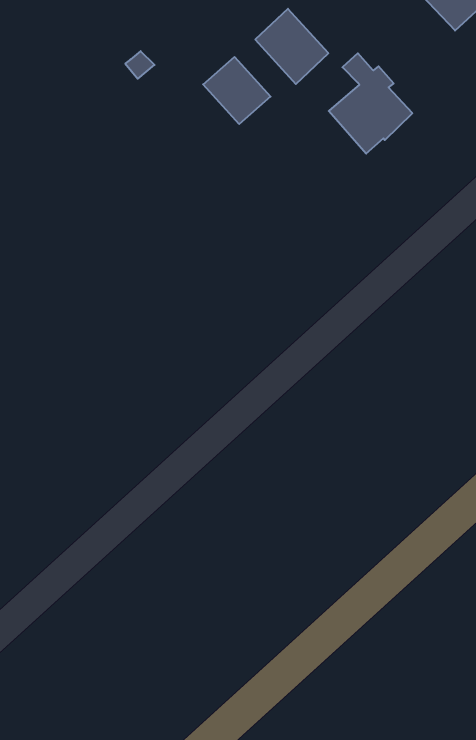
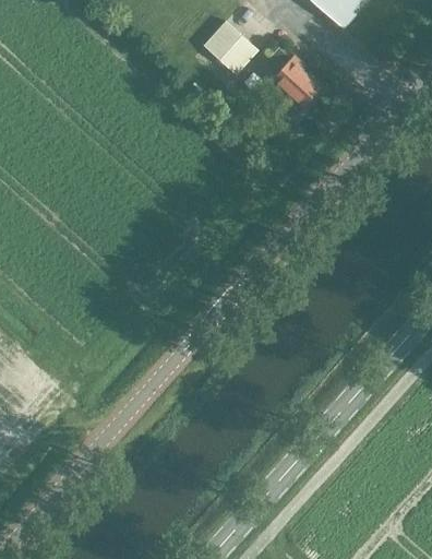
building: [203,57,271,124] -> none

